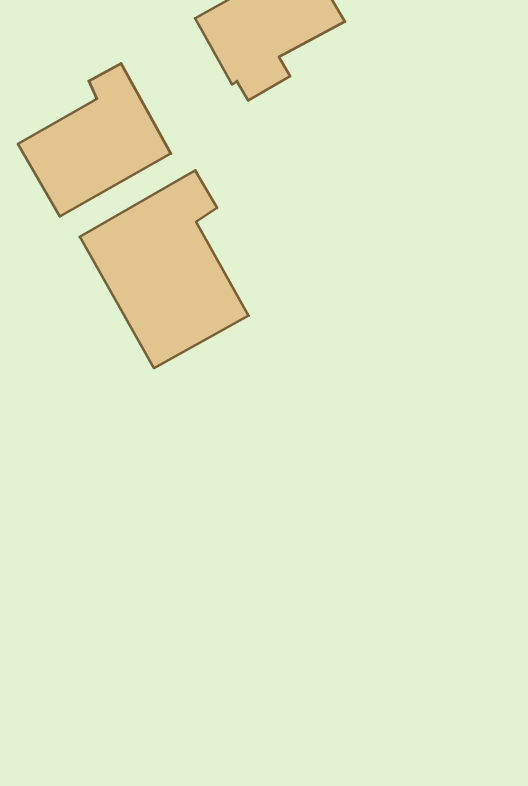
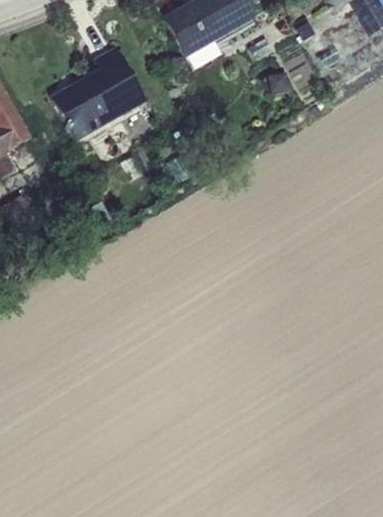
building: [80,170,249,368] -> none

